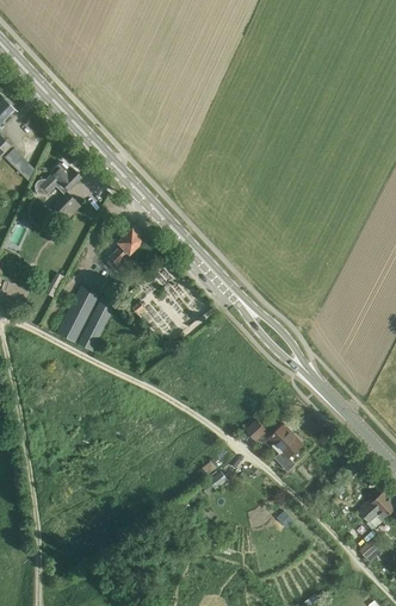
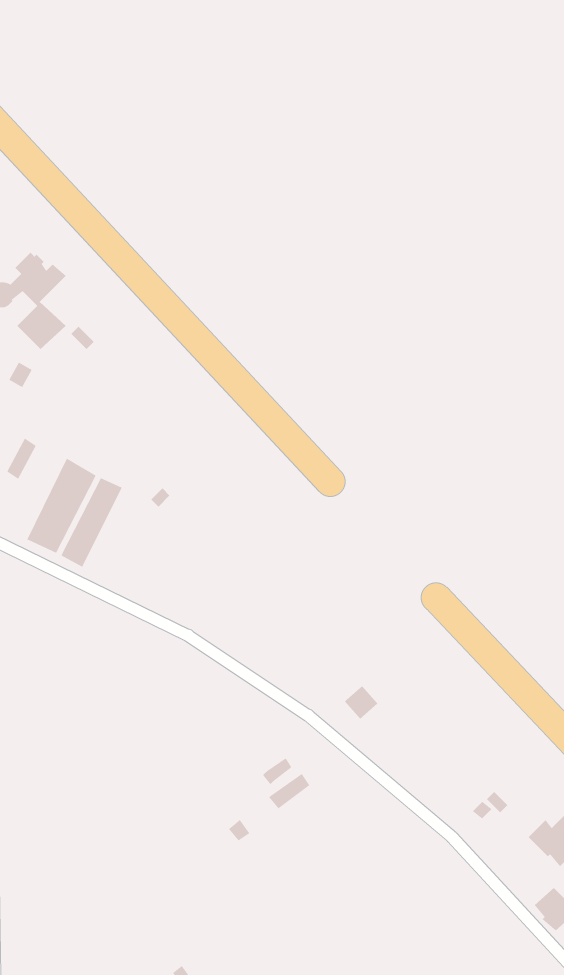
building: [107,229,142,269] -> none
building: [268,424,302,458] -> none

